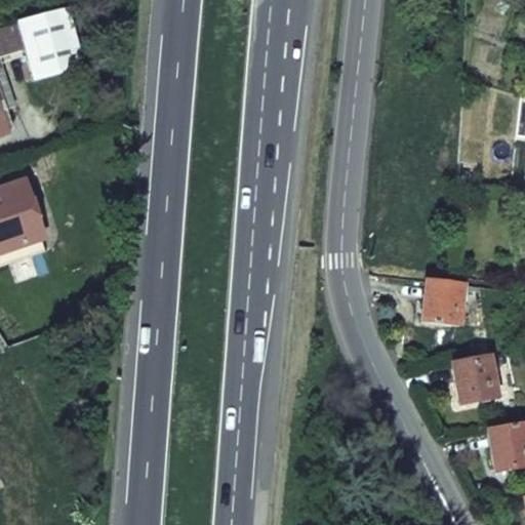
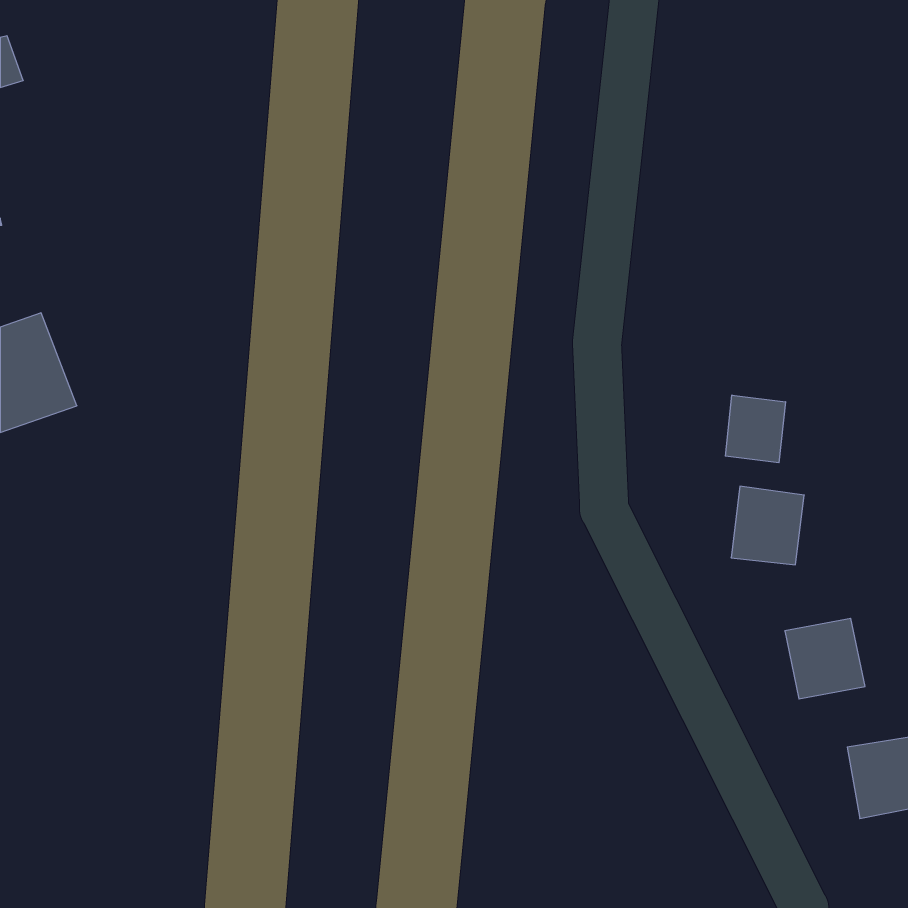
building: [14,5,83,78] -> none
building: none -> [725,395,786,463]

